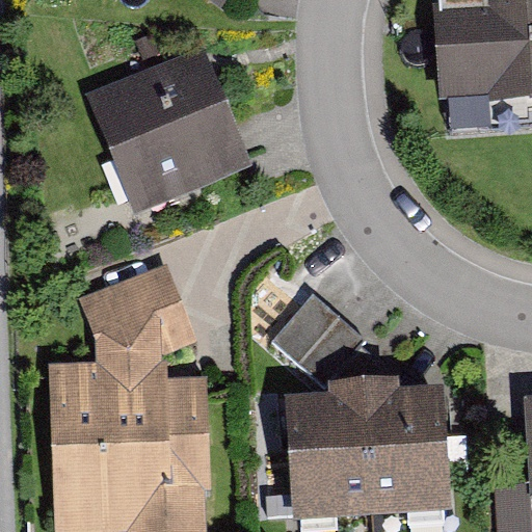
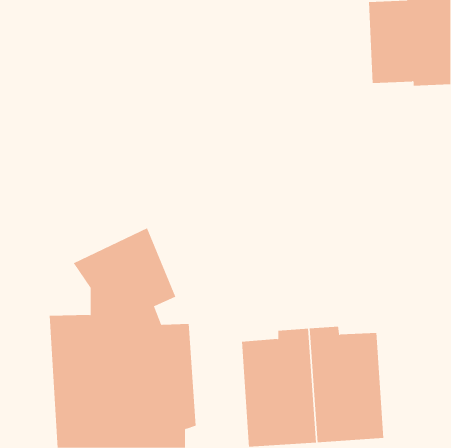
building: [82,44,247,212] -> none
building: [269,292,365,387] -> none

